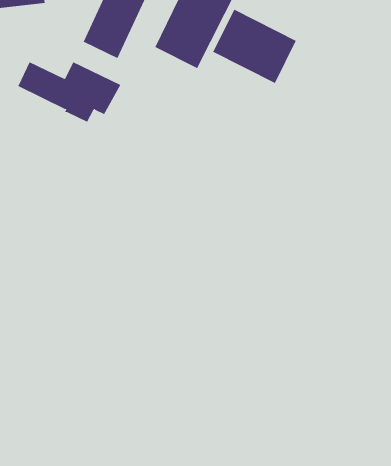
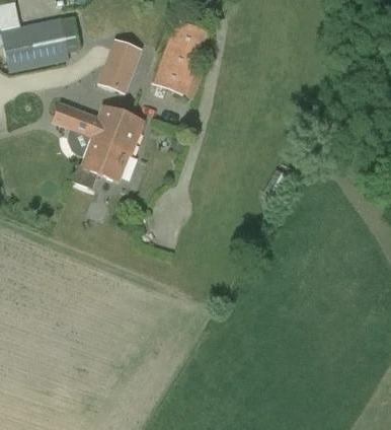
building: [213,9,297,84] -> none
building: none -> [72,114,146,189]

